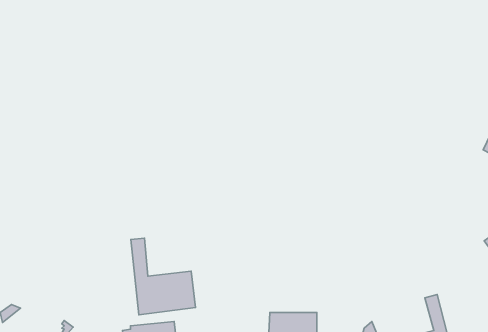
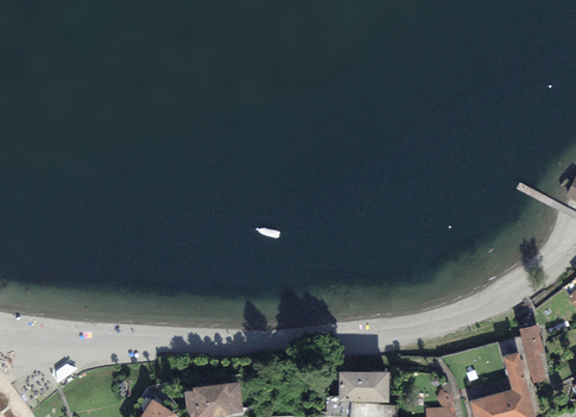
building: [131,238,196,315] -> none
building: none -> [519,324,551,385]

